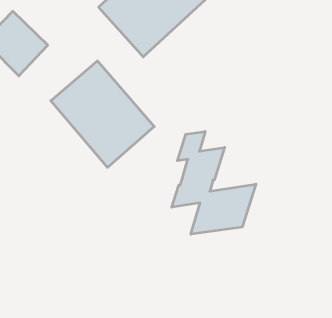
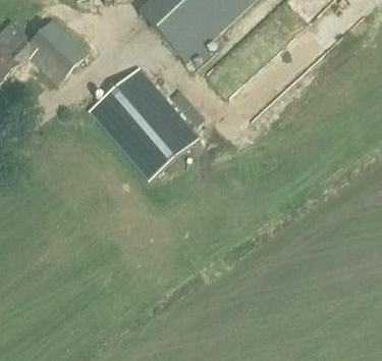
building: [172,131,256,234] -> none

